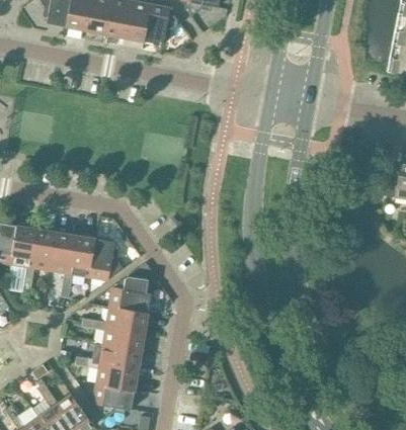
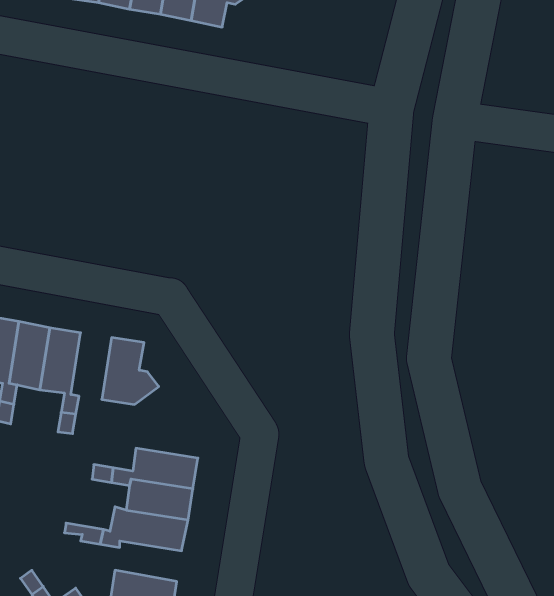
building: [69,236,94,277] -> none
building: [109,276,151,314] -> none
building: [96,365,138,391] -> none

